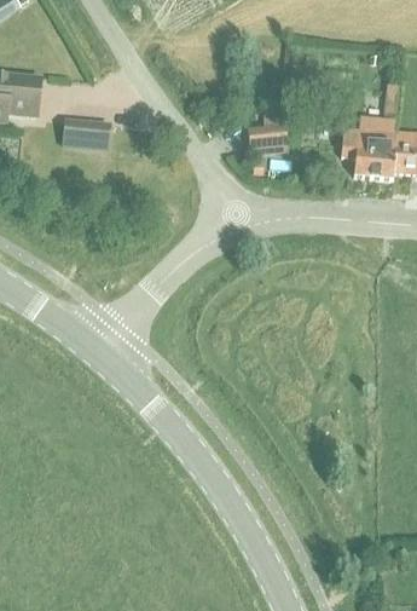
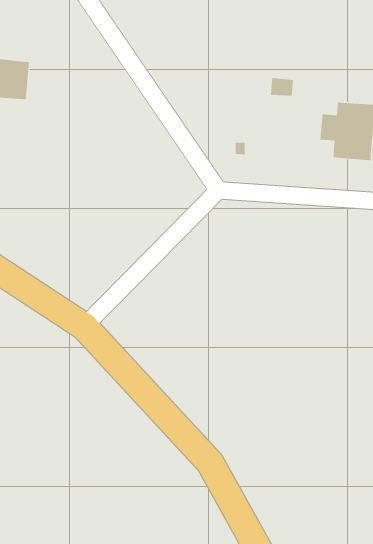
building: [64,120,109,148] -> none
building: [247,125,286,149] -> none

